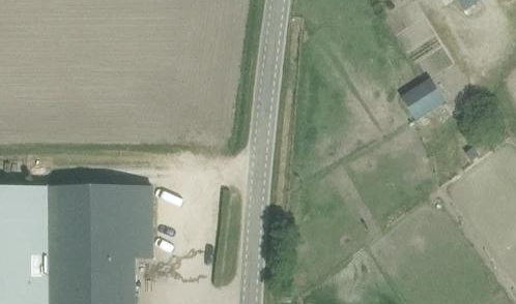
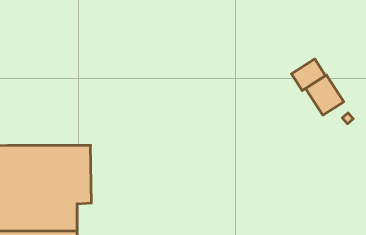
building: none -> [306,75,344,115]

